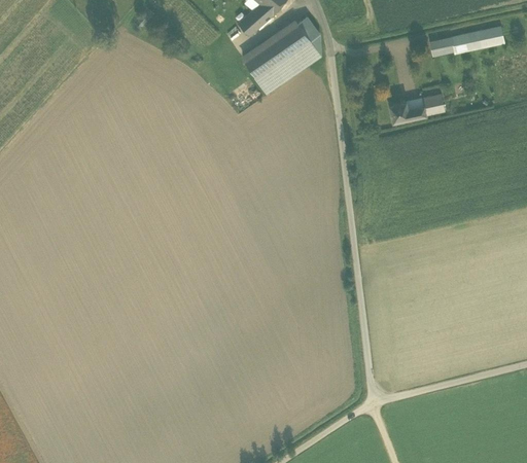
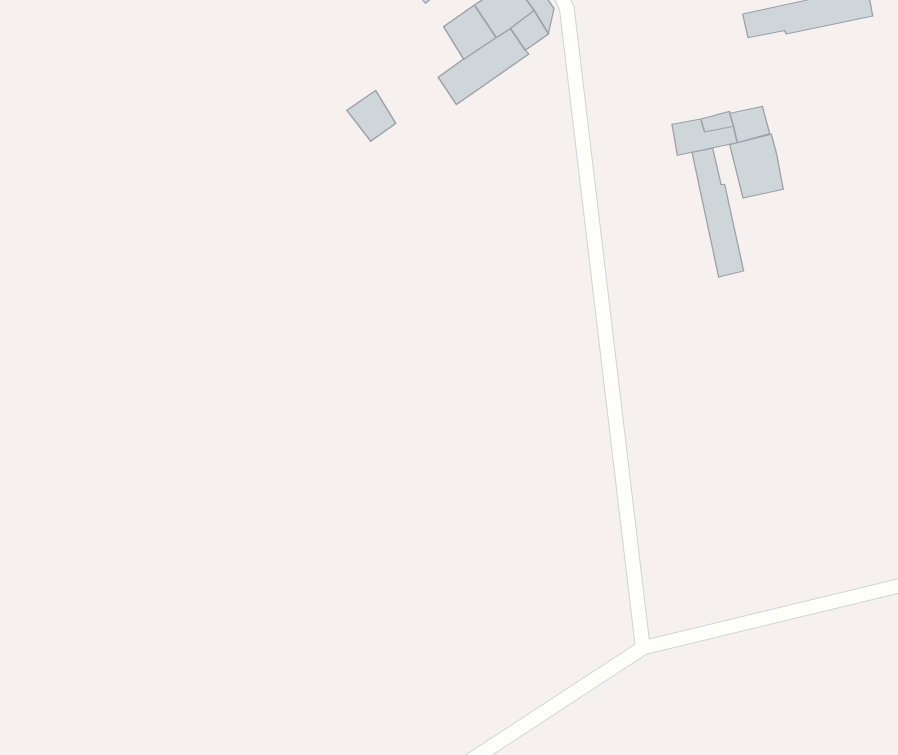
building: [242,47,270,76] -> [347,91,396,141]
building: none -> [730,134,783,198]
building: none -> [692,148,743,277]

